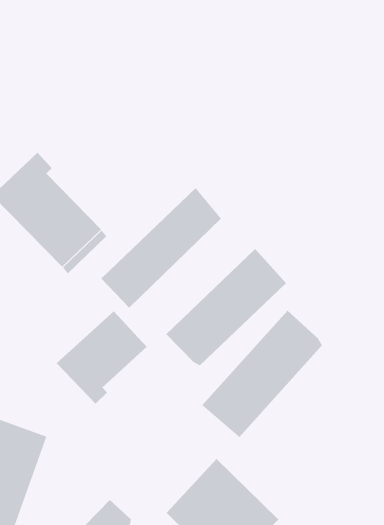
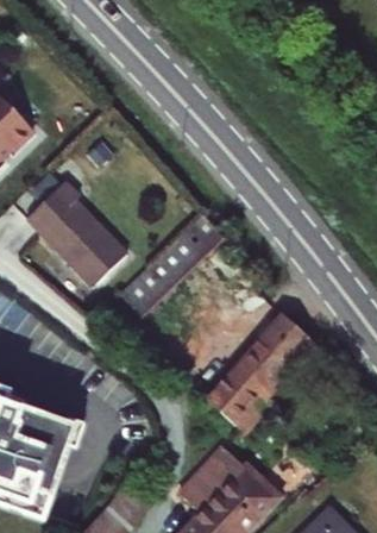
building: [165,248,287,366] -> none
building: [56,311,148,405] -> none

